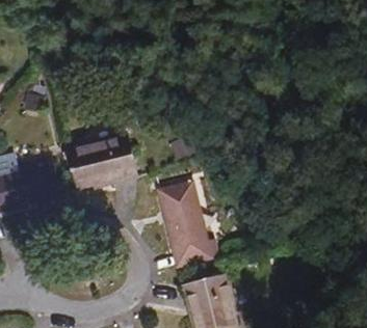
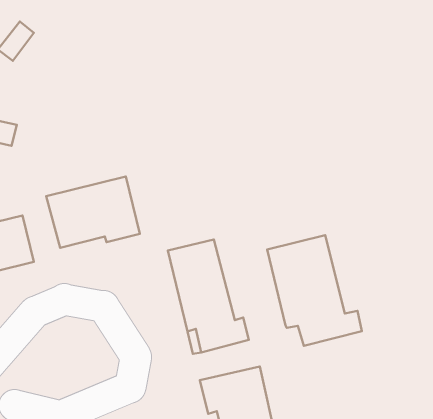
building: none -> [267,235,362,346]

